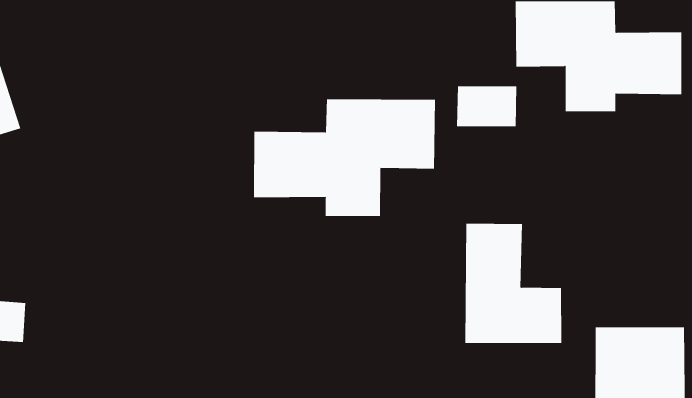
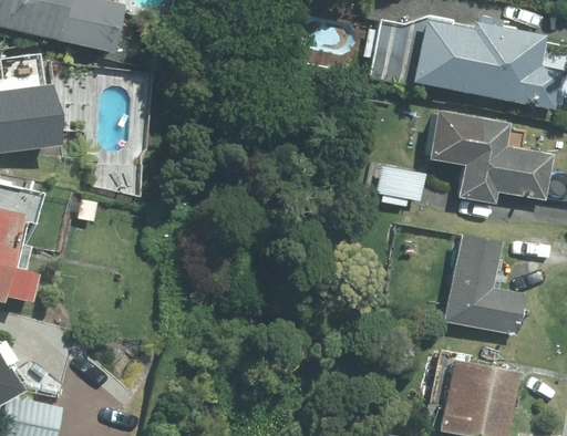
building: [253,98,435,217] -> none
building: [464,223,562,343] -> [445,233,524,334]

